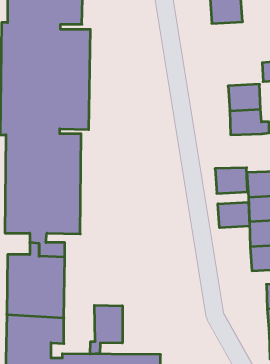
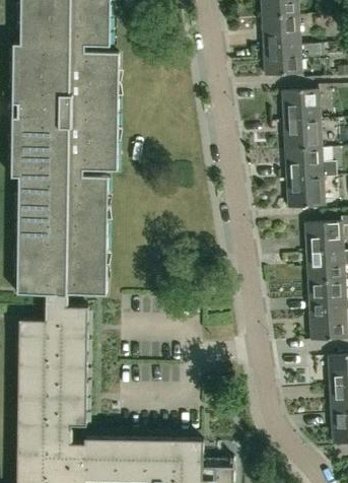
building: none -> [263,44,323,75]
building: none -> [281,88,320,120]
building: [215,168,248,193] -> [285,177,324,207]
building: [218,202,250,228] -> none
building: [90,305,122,354] -> none

